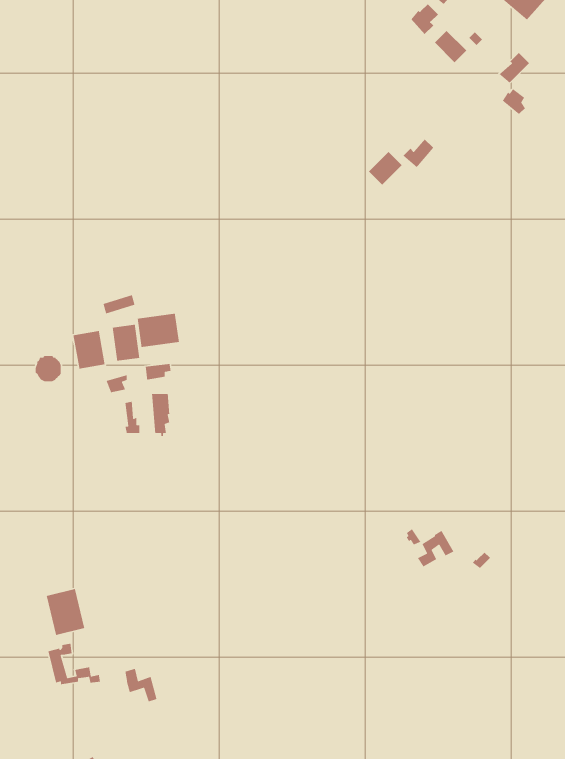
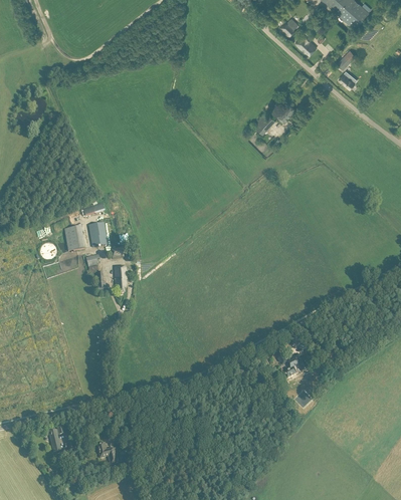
building: [137,313,180,348] -> none
building: [46,588,85,636] -> none

